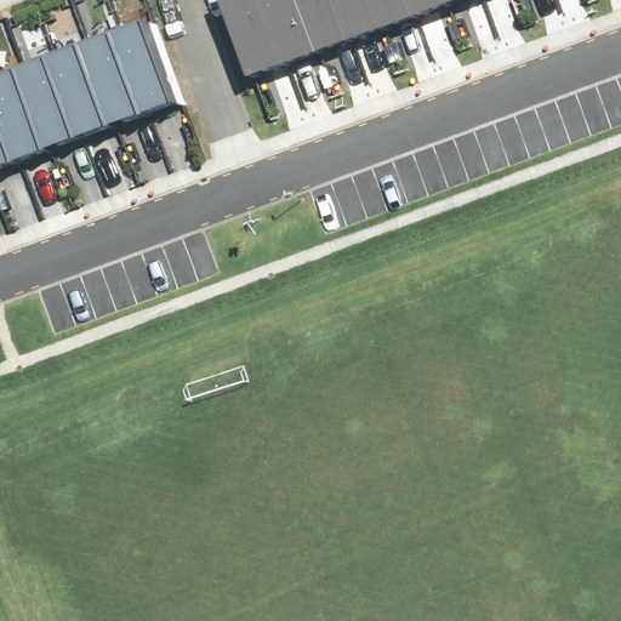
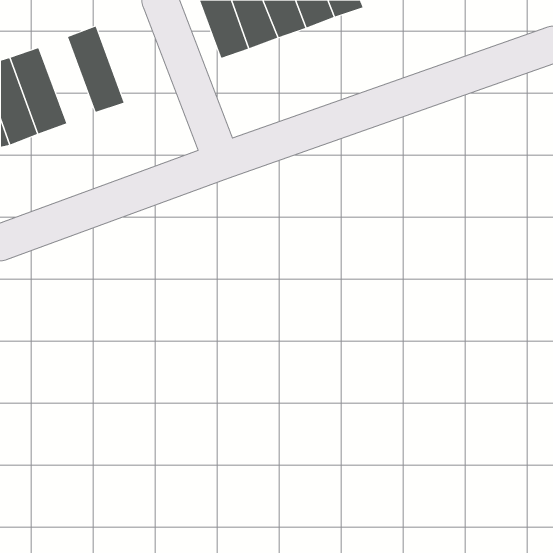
building: [108,18,171,115] -> none
building: [44,41,107,138] -> none

